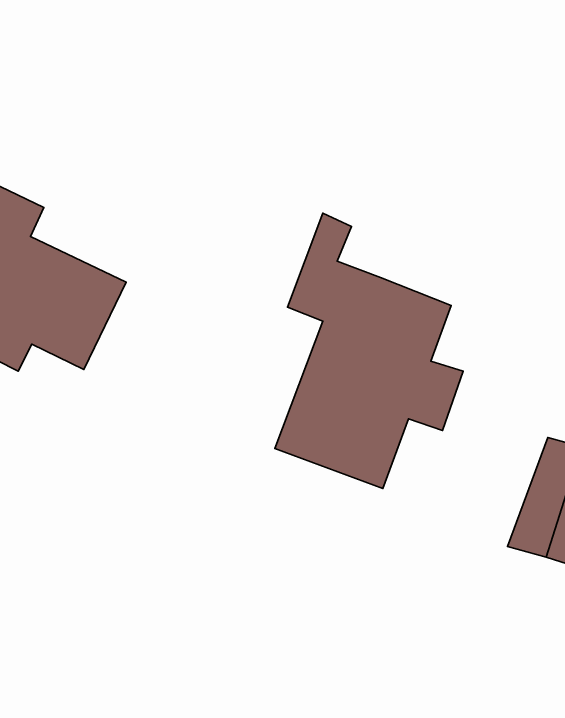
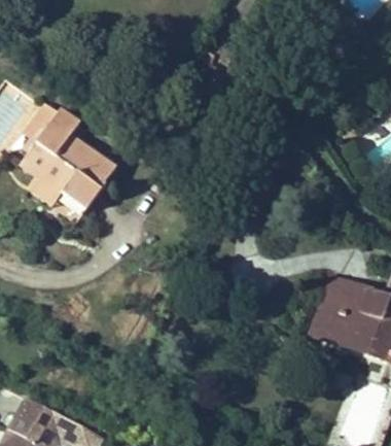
building: [275,213,463,488] -> none

